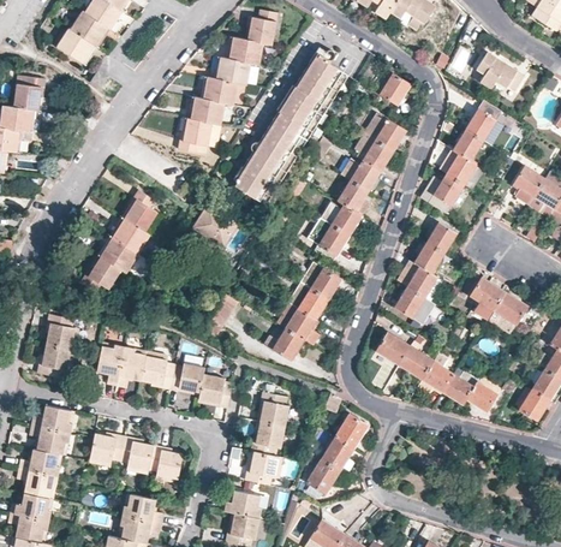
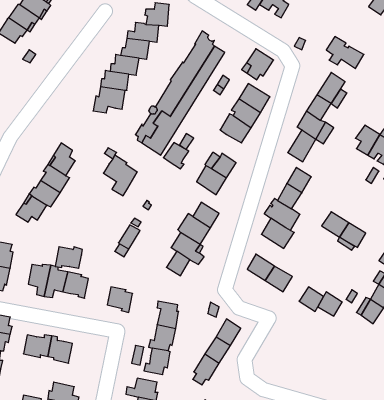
building: [335,179,368,213] -> [163,143,189,169]
building: [416,353,453,393] -> none
building: [167,363,202,391] -> [55,247,82,268]
building: [147,446,180,480] -> none

